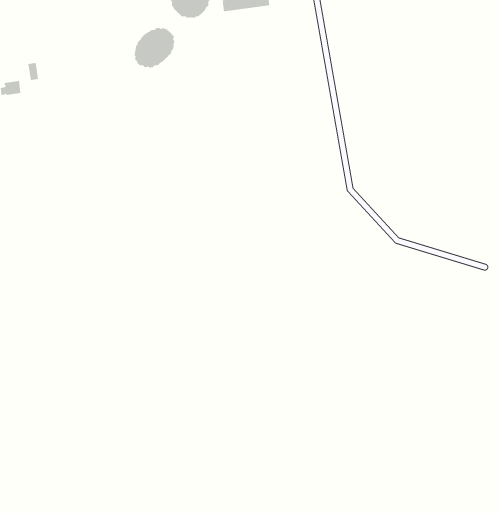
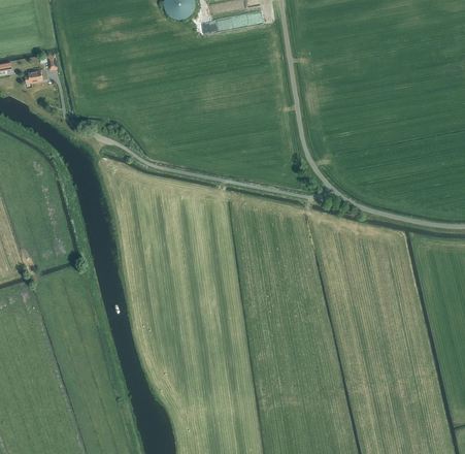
building: [134,27,175,68] -> none

